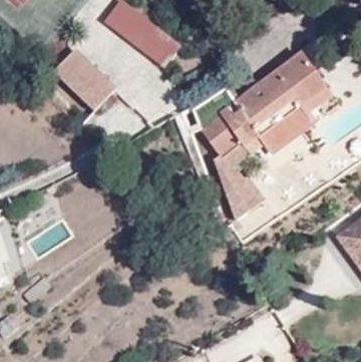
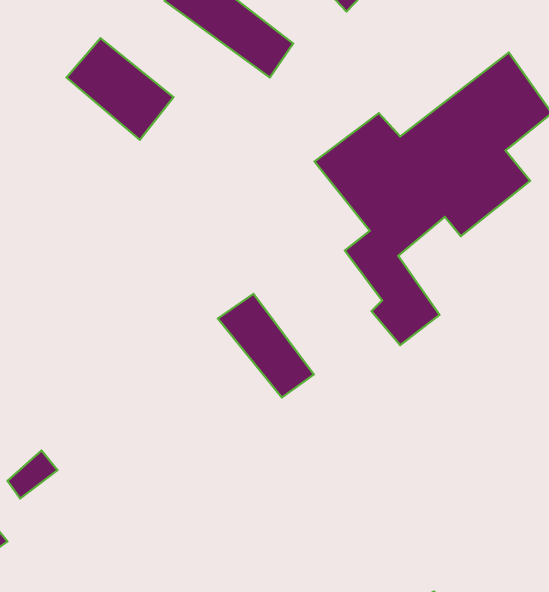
building: none -> [218,294,314,398]

